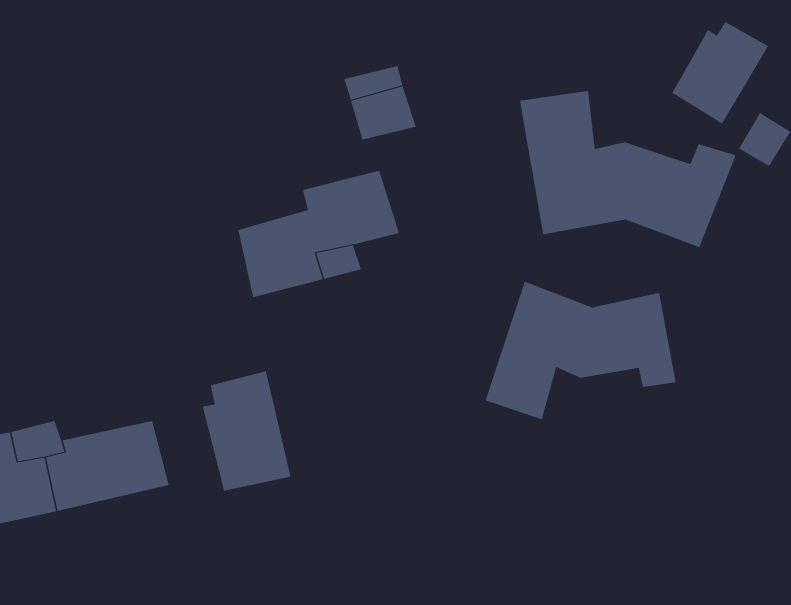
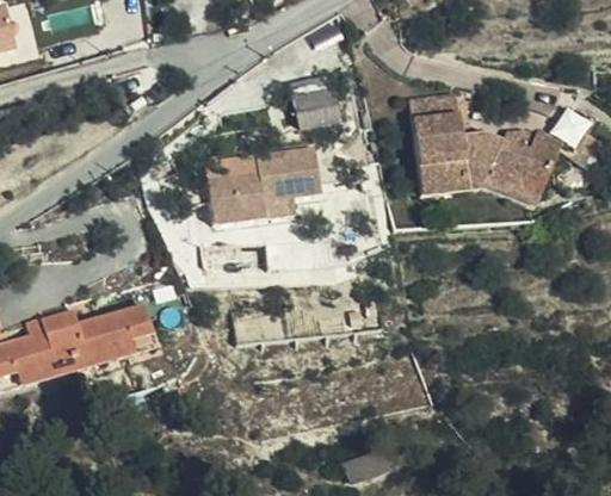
building: [671,21,769,124] -> none
building: [485,281,676,420] -> none
building: [202,370,291,492] -> none

